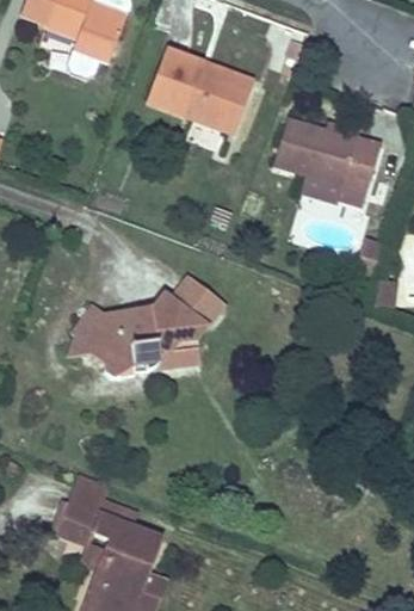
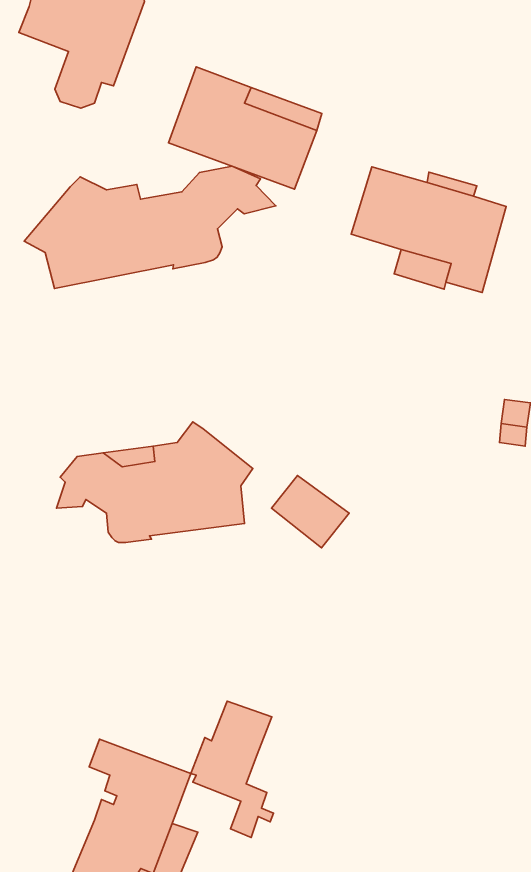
building: none -> [24,166,276,288]
building: [171,276,224,326] -> [272,475,349,548]
building: [54,475,111,569] -> [191,701,274,837]

